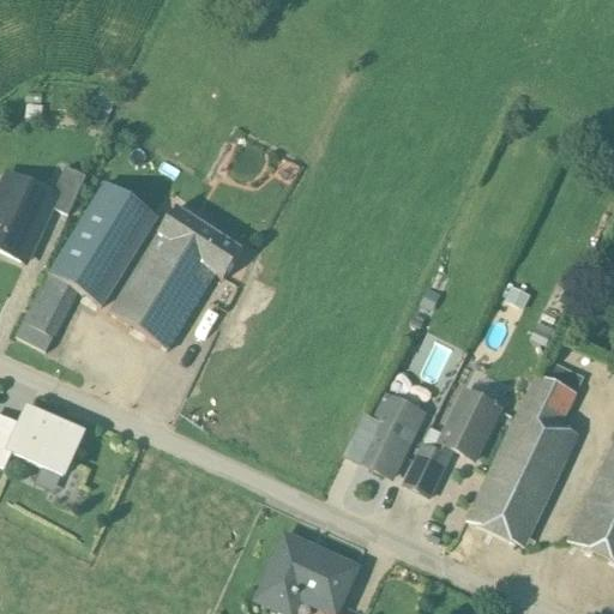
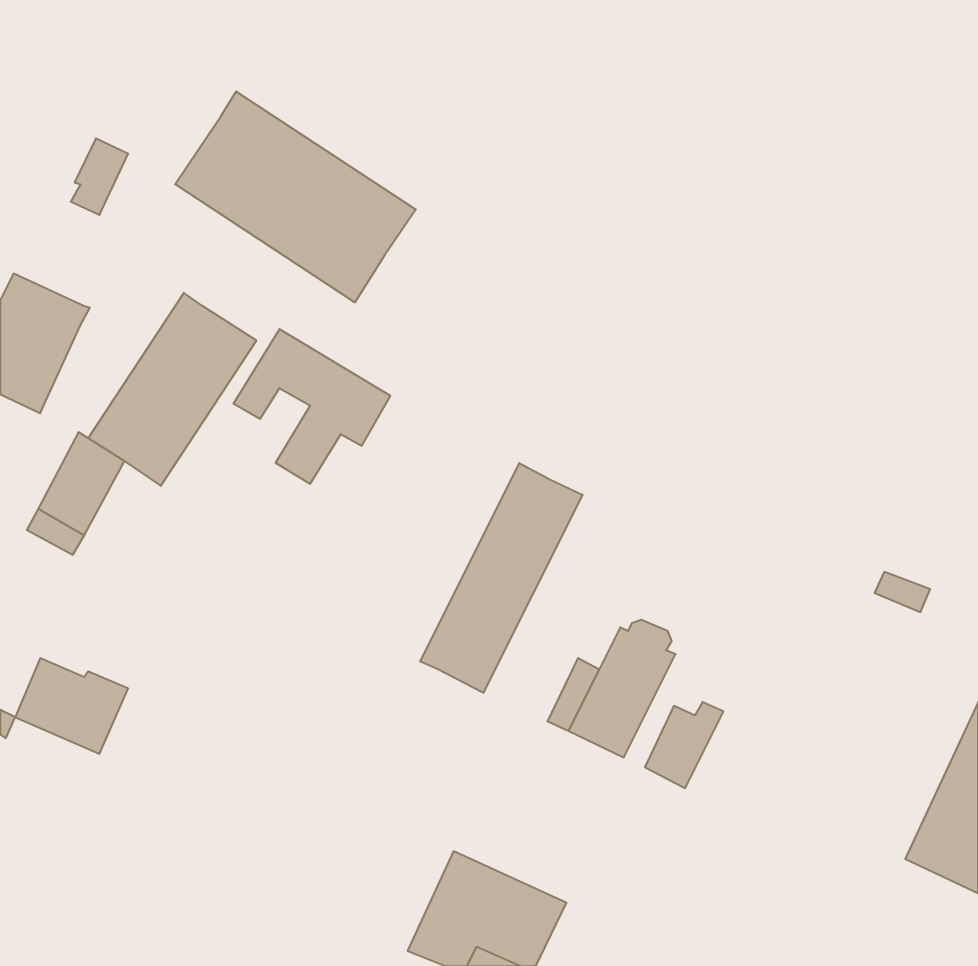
building: none -> [175,91,416,302]
building: [50,164,86,212] -> [71,138,128,215]
building: [112,243,194,347] -> none
building: none -> [420,463,583,693]
building: [468,371,582,546] -> none
building: [440,389,500,457] -> none

